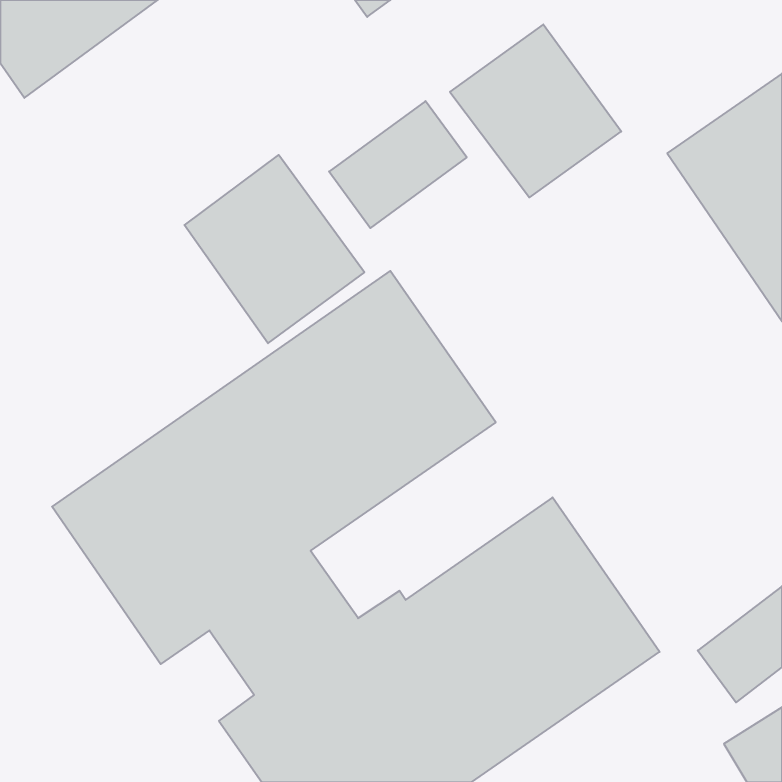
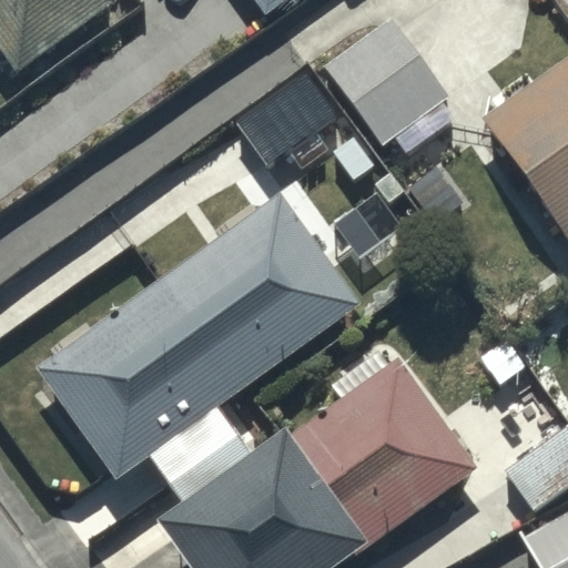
building: [184,155,364,343] -> none

